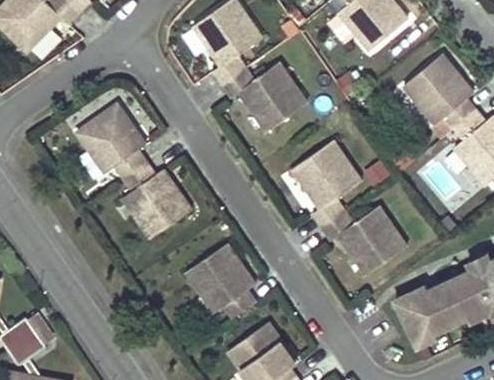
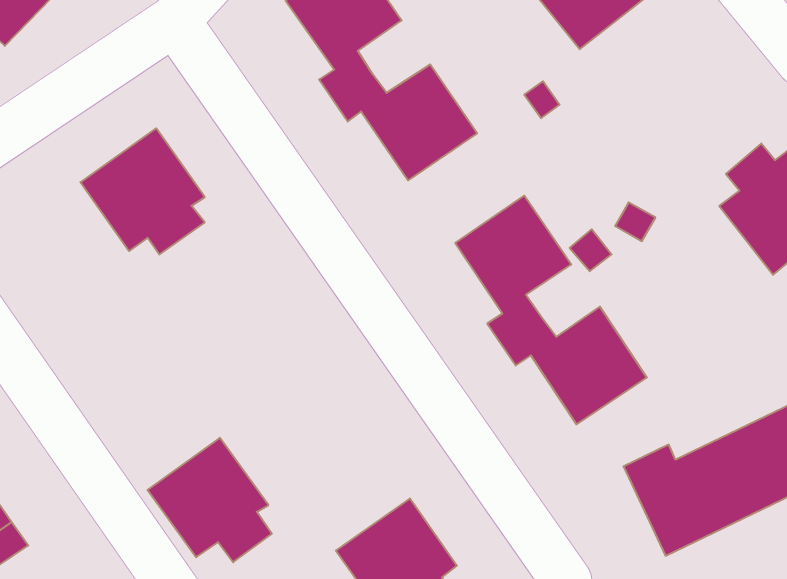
building: [403,53,477,127] -> none
building: [119,156,192,239] -> none
building: [181,243,255,317] -> [147,438,272,562]

